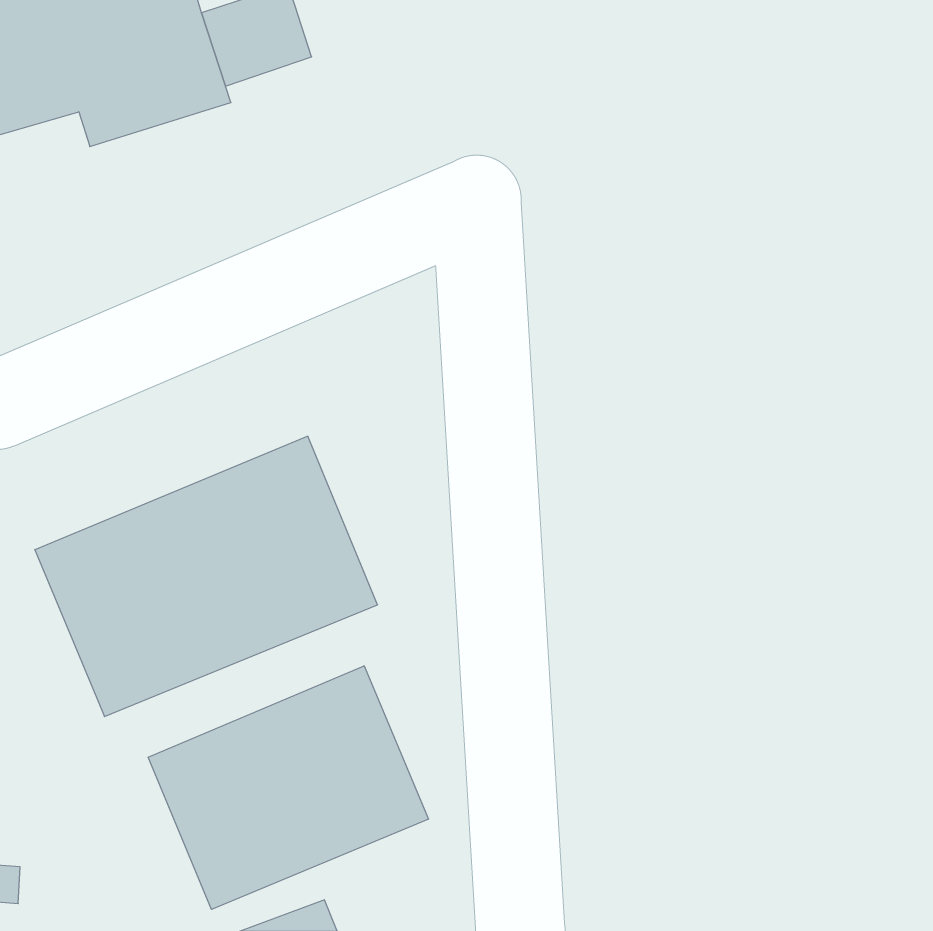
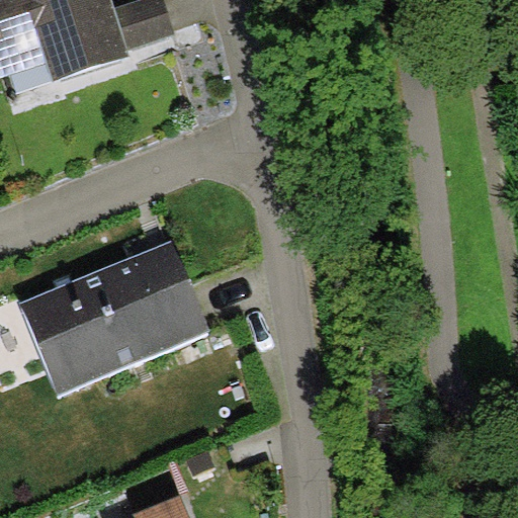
building: [148,666,428,909] -> none

